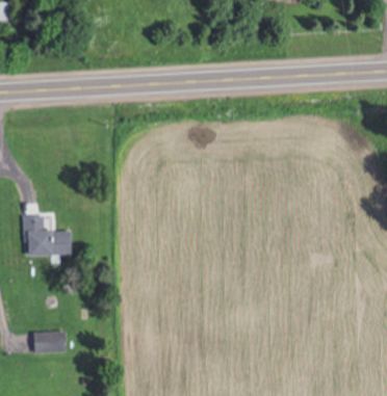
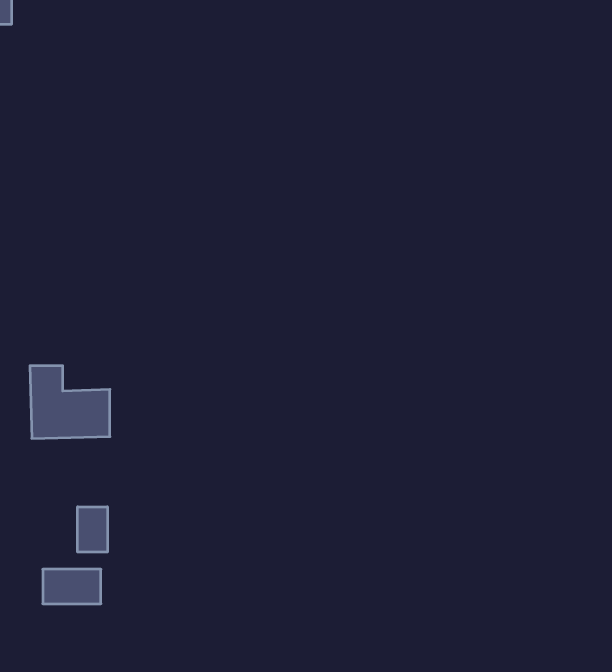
building: none -> [78,507,107,552]

